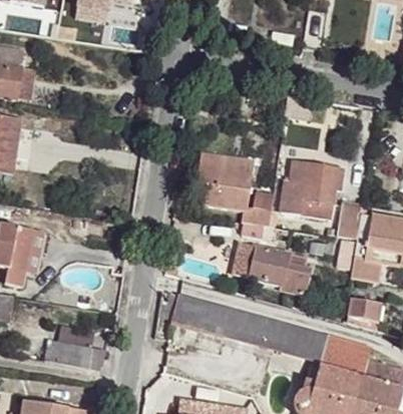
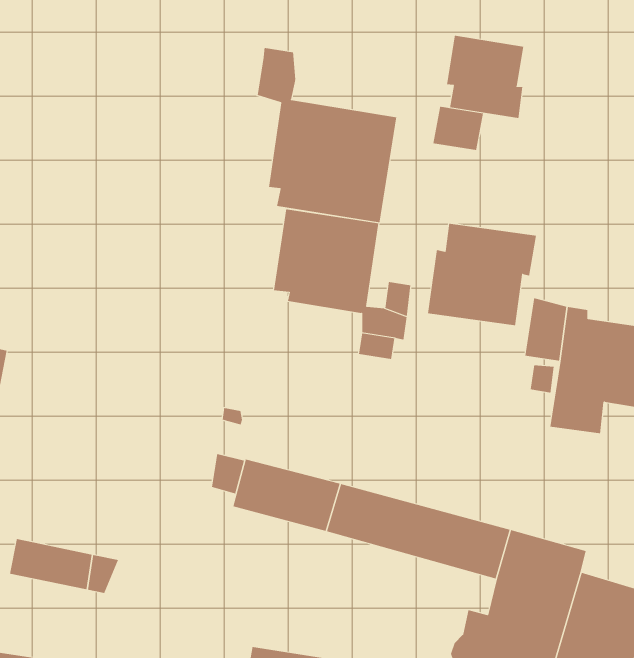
building: none -> [446,35,524,119]
building: none -> [257,47,397,223]
building: [232,243,311,295] -> none
building: [346,298,381,330] -> none

